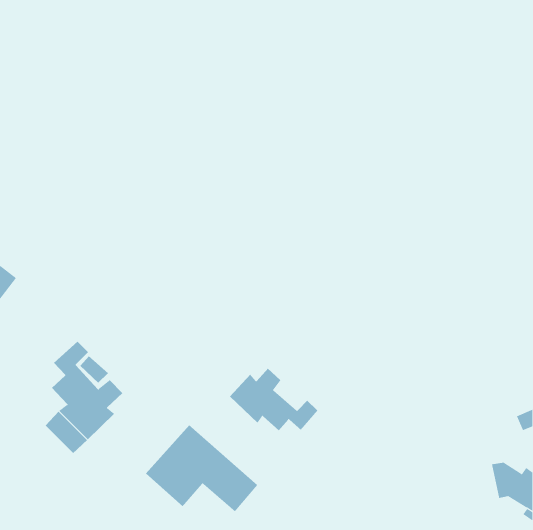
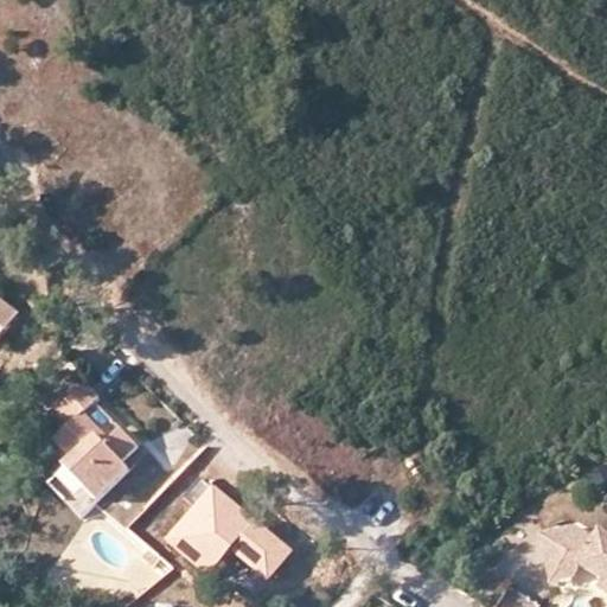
building: [229,368,318,431] -> none
building: none -> [537,526,576,579]

